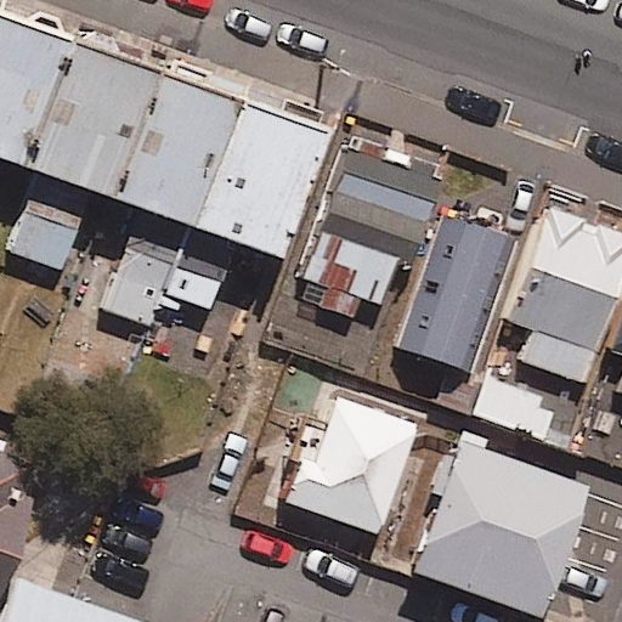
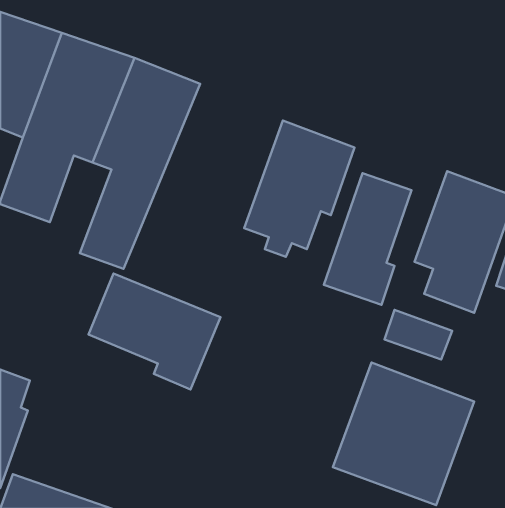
building: [170,103,338,311] -> none
building: none -> [88,273,220,390]
building: [283,400,412,533] -> none

